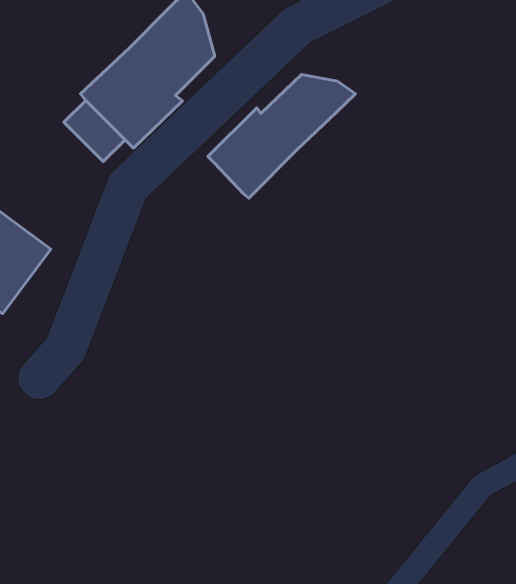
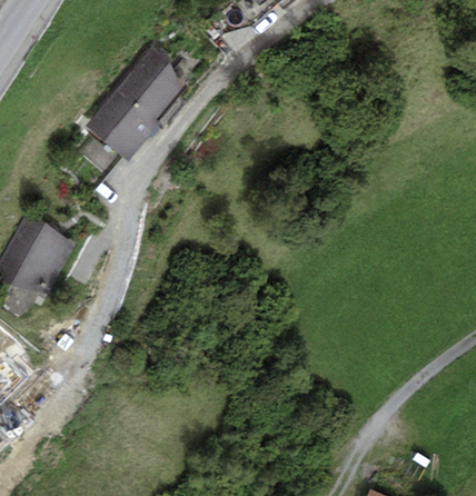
building: [208,75,356,198] -> none

